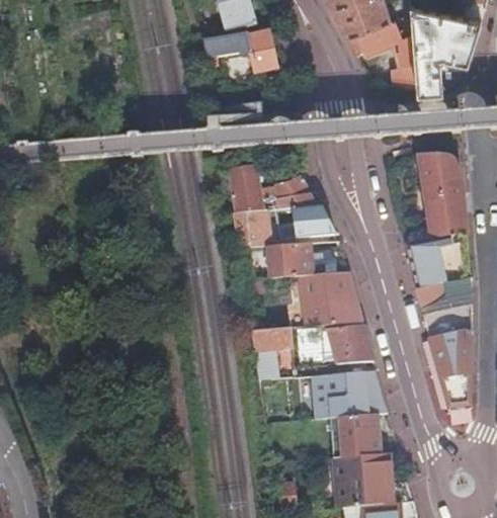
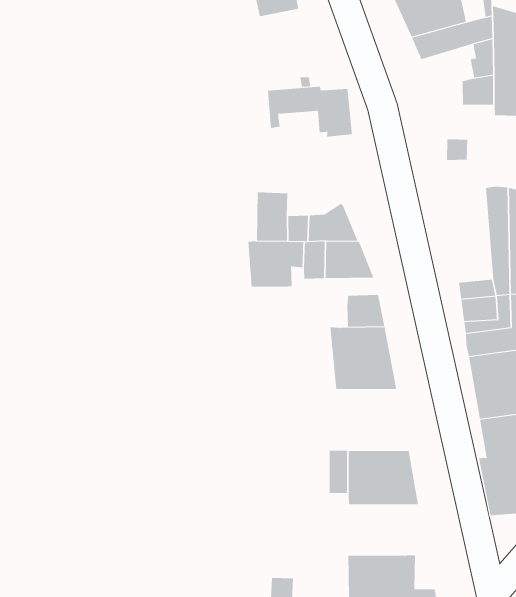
building: [205,31,277,72] -> [267,86,353,137]
building: [267,242,311,279] -> none
building: [249,327,292,379] -> none
building: [326,327,372,363] -> none
building: [330,413,380,457] -> none

